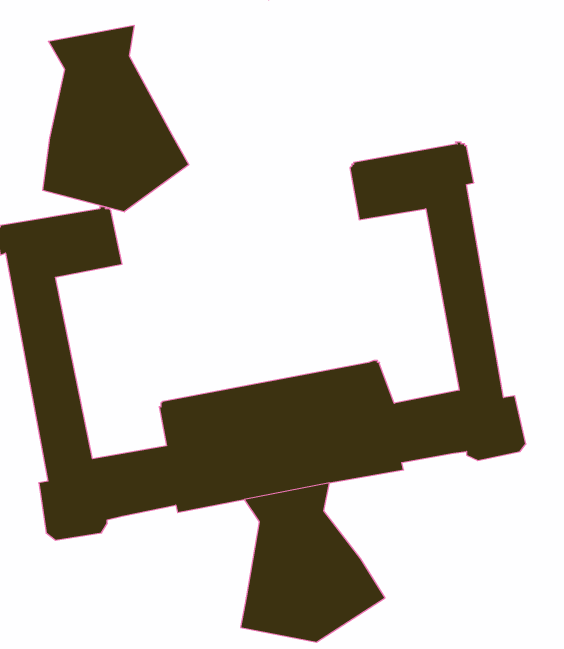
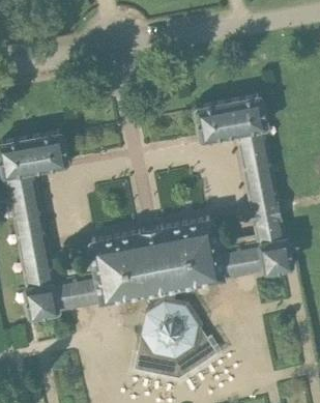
building: [43,25,189,212] -> none

